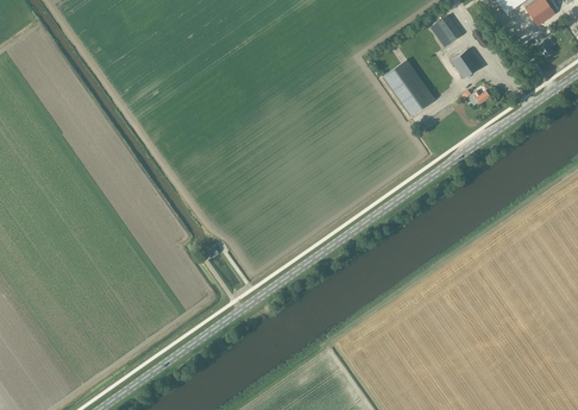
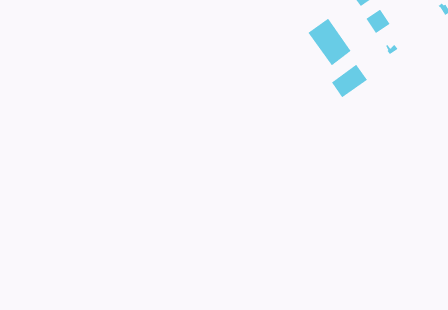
building: none -> [331,64,368,98]

